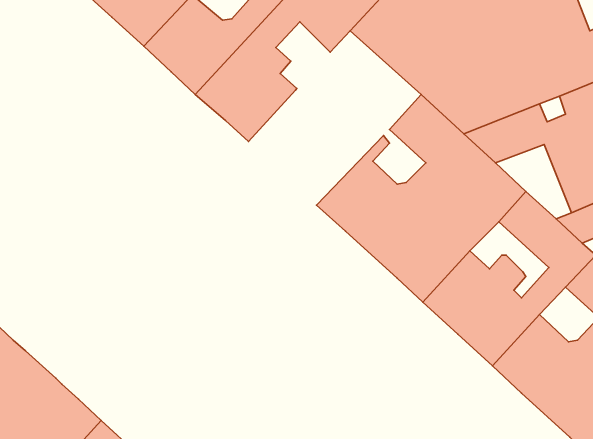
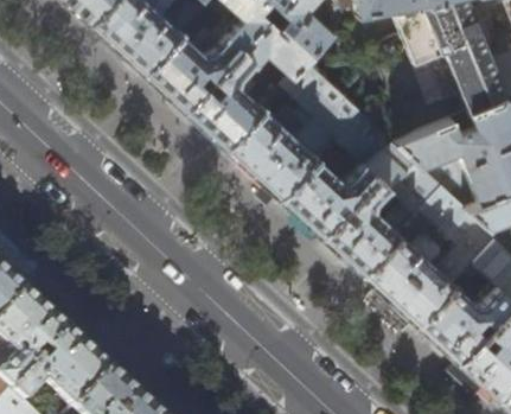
building: none -> [225,60,360,197]

